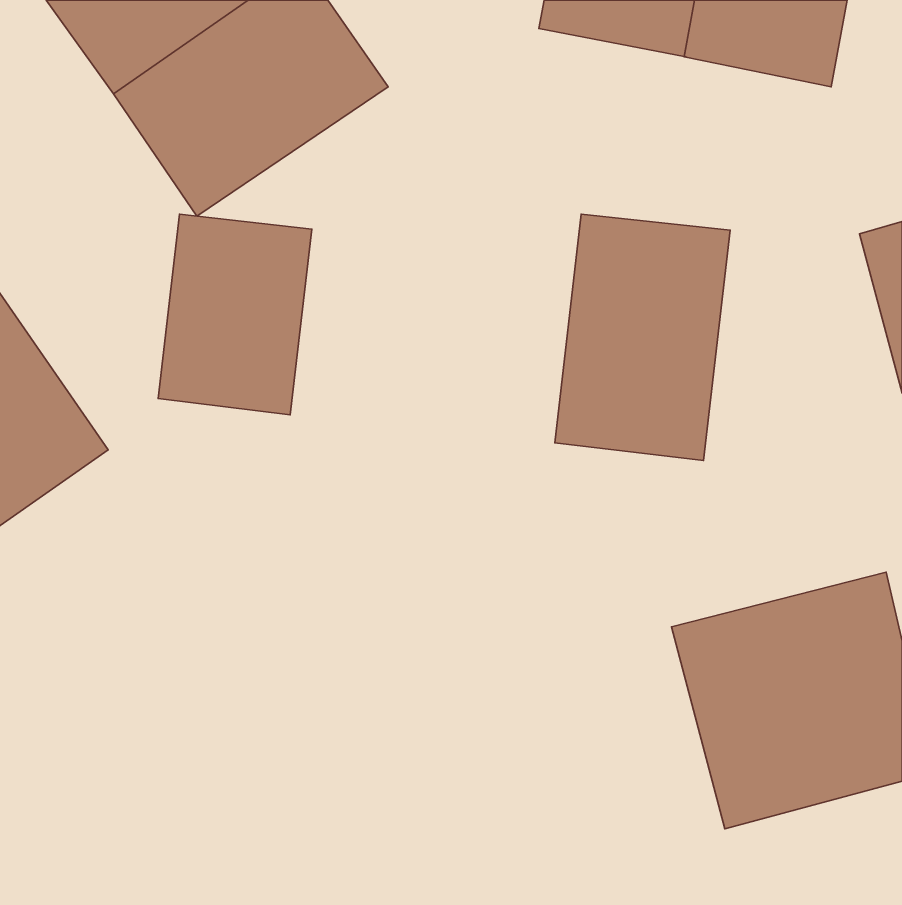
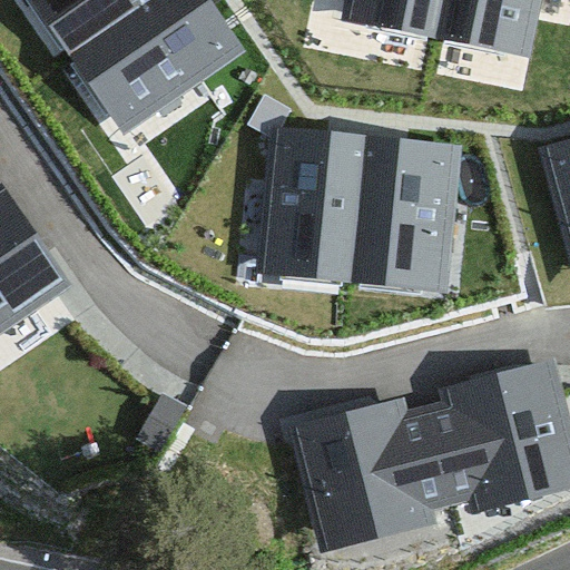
building: none -> [256,124,365,278]
building: [158,214,312,415] -> none
building: none -> [288,394,455,556]

